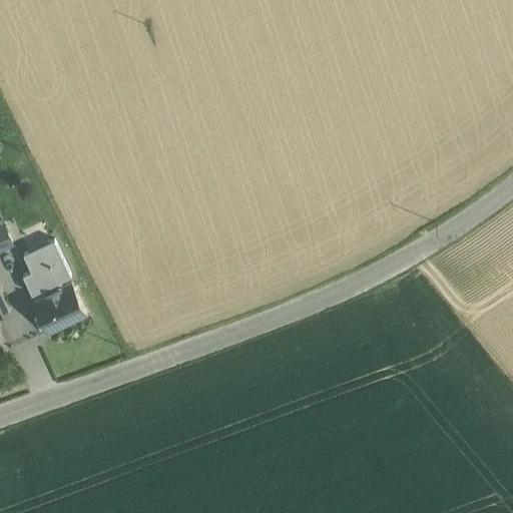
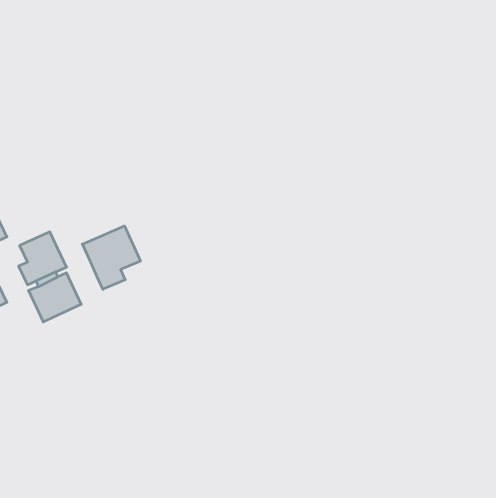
building: none -> [82,226,140,289]

